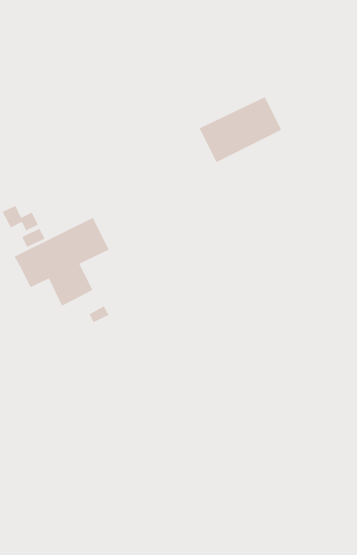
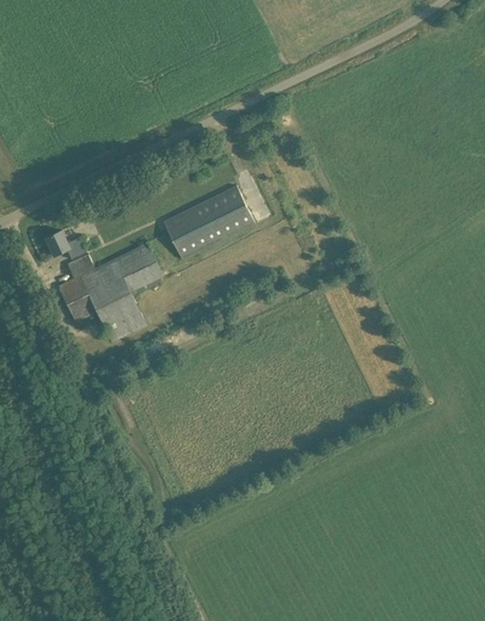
building: [199,97,282,163] -> [161,186,253,260]

